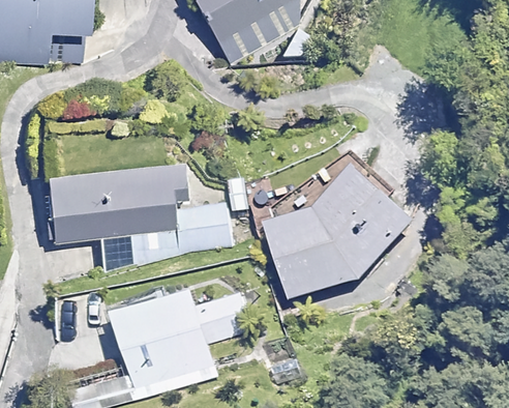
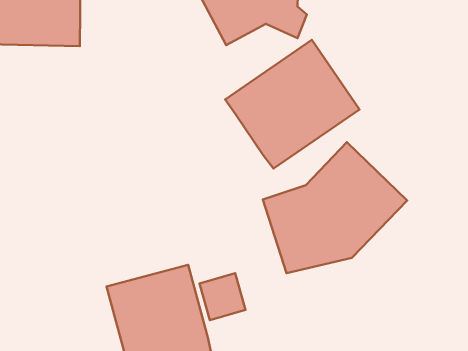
building: none -> [225,40,359,168]
building: [48,166,230,276] -> none

